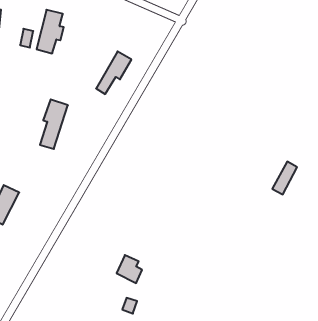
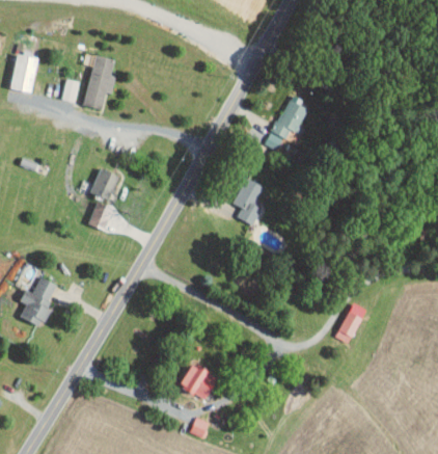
building: [96,51,131,94] -> [264,98,308,152]
building: none -> [236,179,268,224]
building: [272,162,297,194] -> [335,303,366,345]

